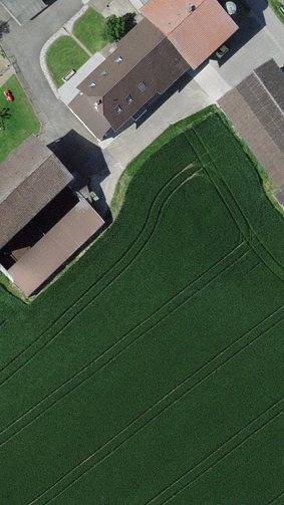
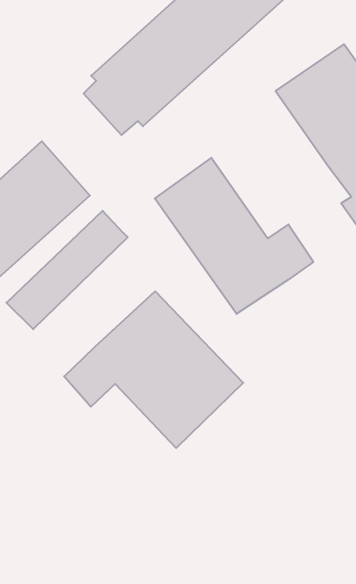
building: none -> [155,158,313,314]
building: none -> [64,291,243,448]

